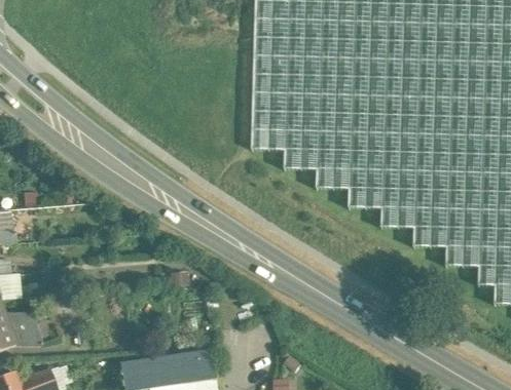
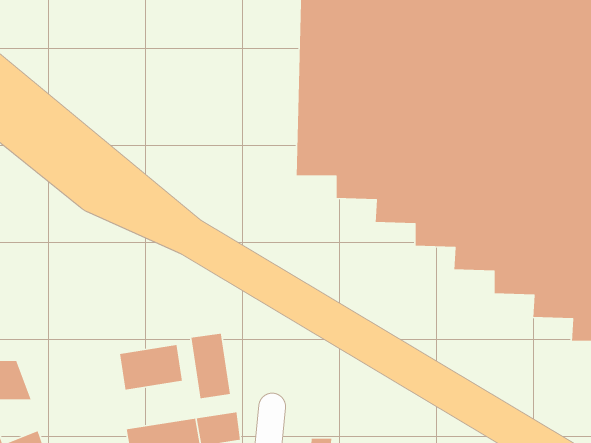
building: none -> [190,333,231,399]
building: none -> [119,344,183,391]

